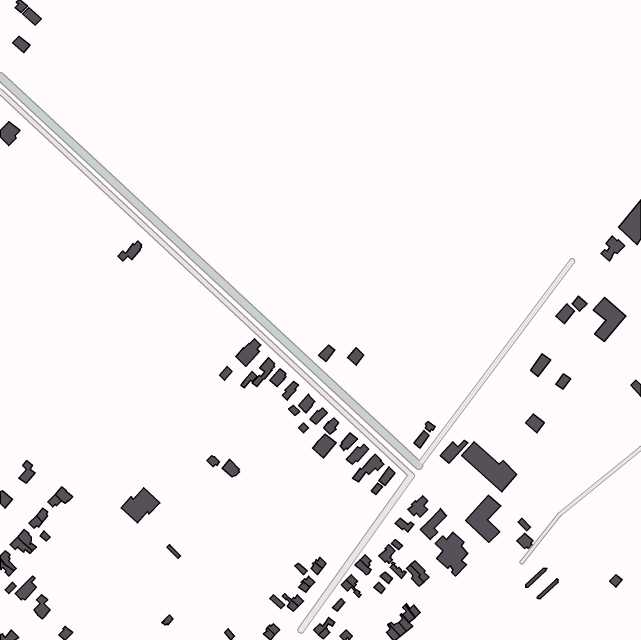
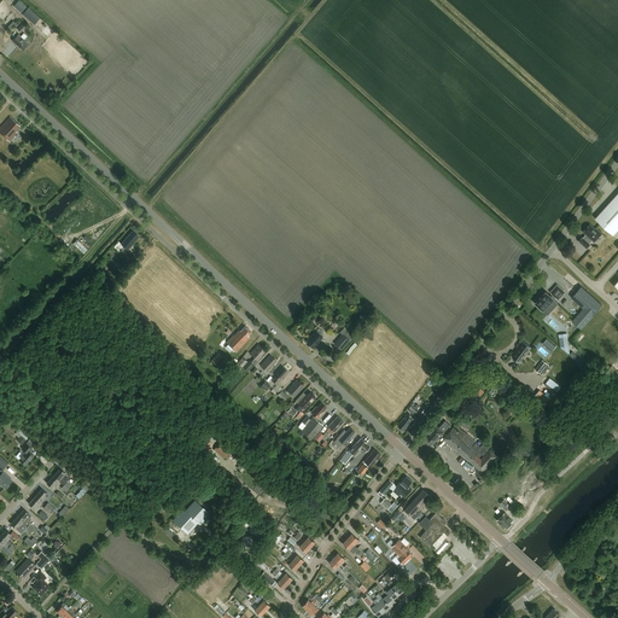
building: [121,488,160,523] -> [173,501,210,535]
building: [466,495,501,542] -> none

